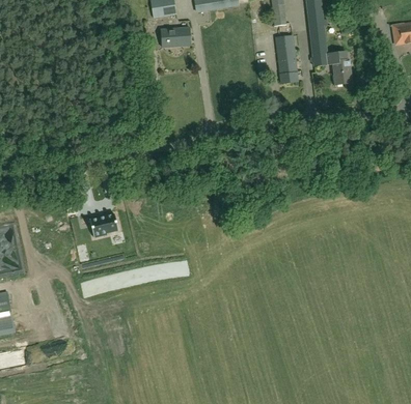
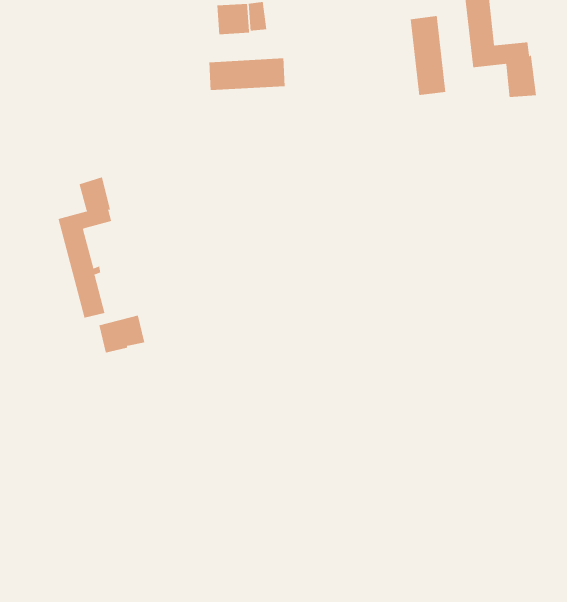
building: none -> [209,58,285,91]
building: none -> [58,176,112,319]

